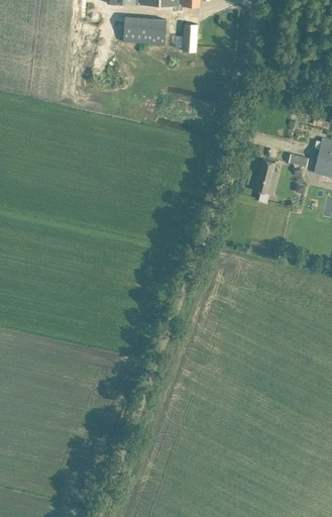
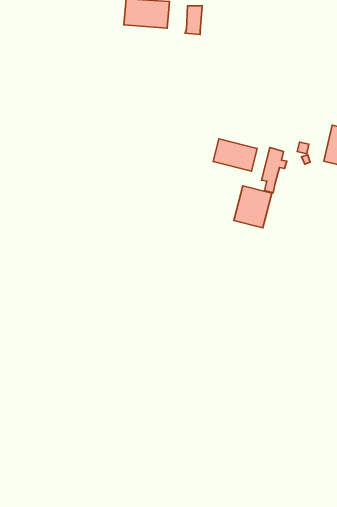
building: none -> [213,139,257,171]
building: none -> [234,186,272,228]

